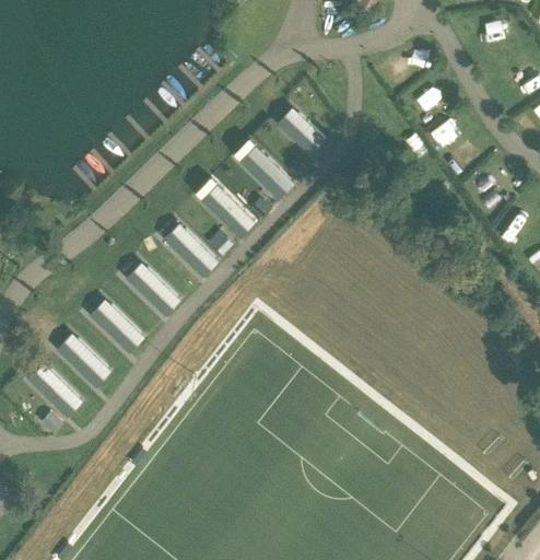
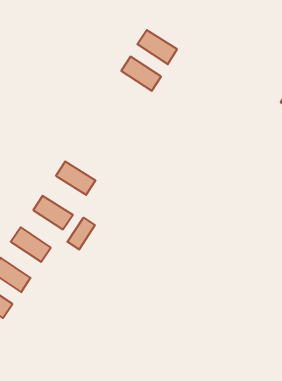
building: [242,149,292,198] -> [137,30,177,64]
building: [203,186,253,234] -> none
building: none -> [67,218,95,250]

